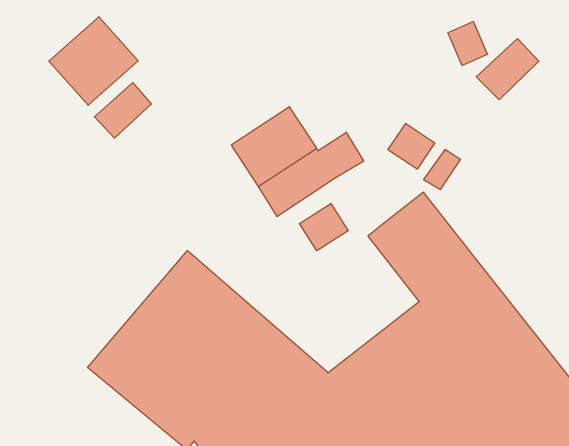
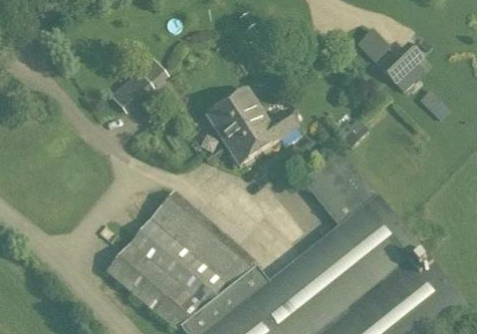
building: [49,17,138,105] -> none
building: [388,123,435,169] -> none
building: [300,203,348,251] -> none

